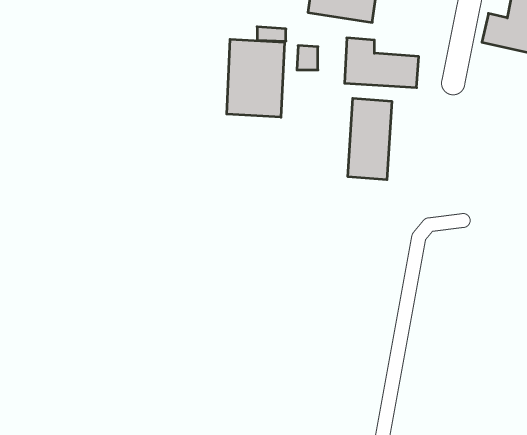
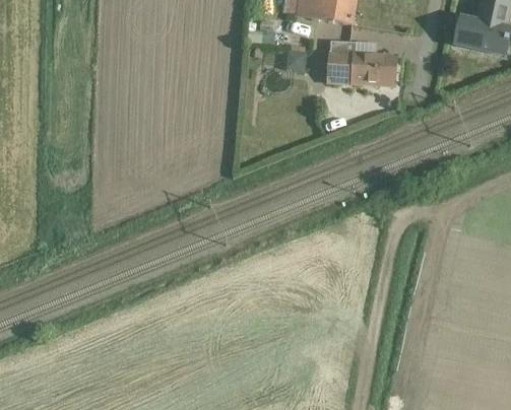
building: [227,39,284,117] -> none
building: [348,98,392,180] -> none

